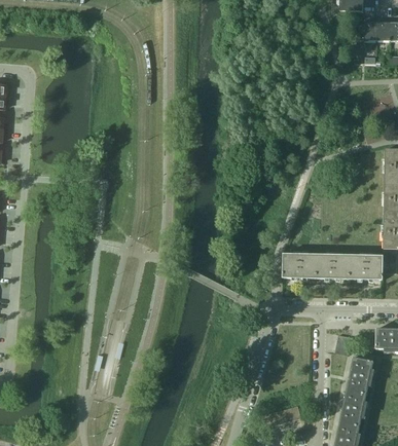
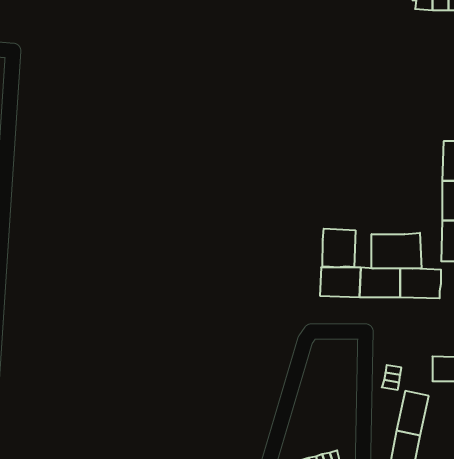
building: none -> [323,229,355,267]
building: none -> [372,233,421,268]

